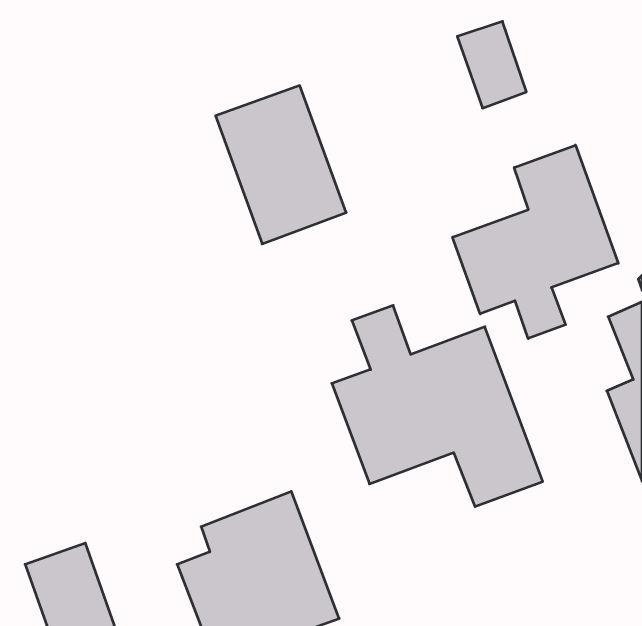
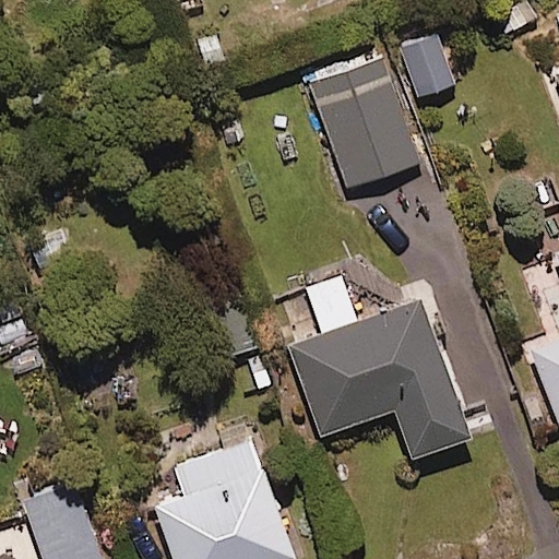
building: [216,86,346,244] -> [309,58,423,195]
building: [453,145,618,339] -> none

